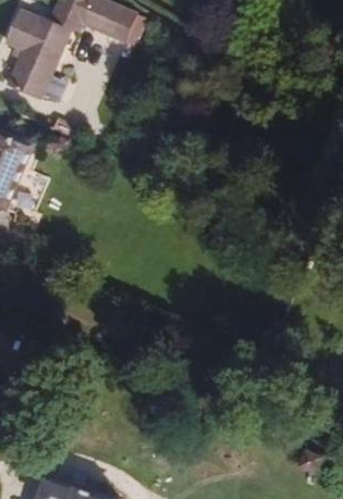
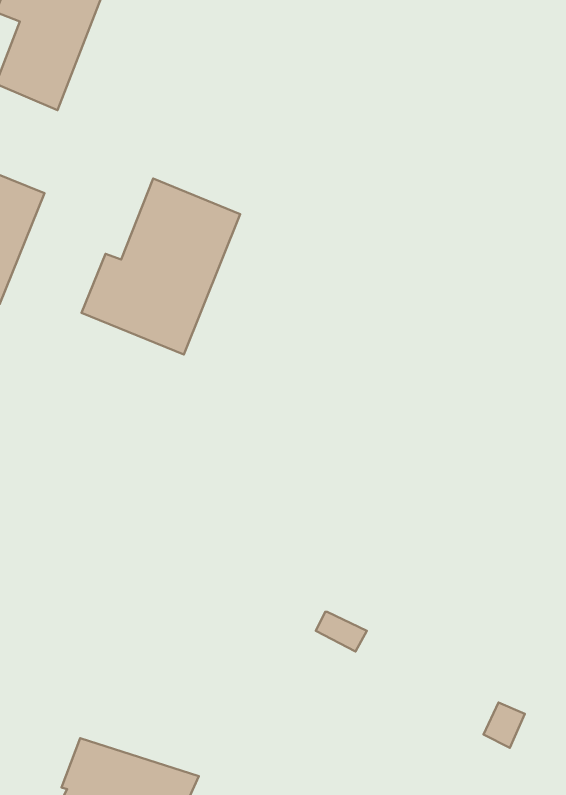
building: none -> [81,179,240,354]

